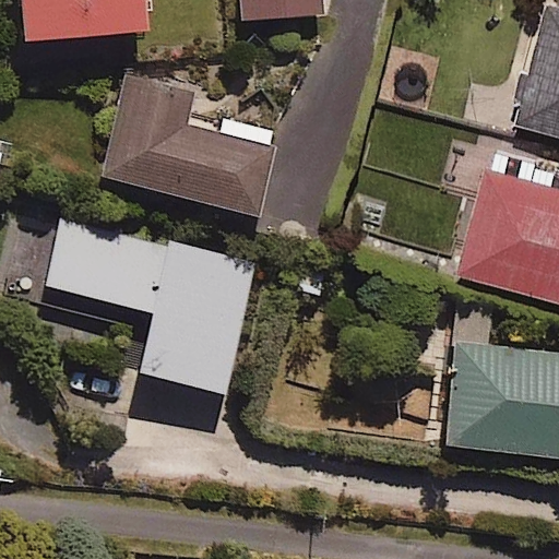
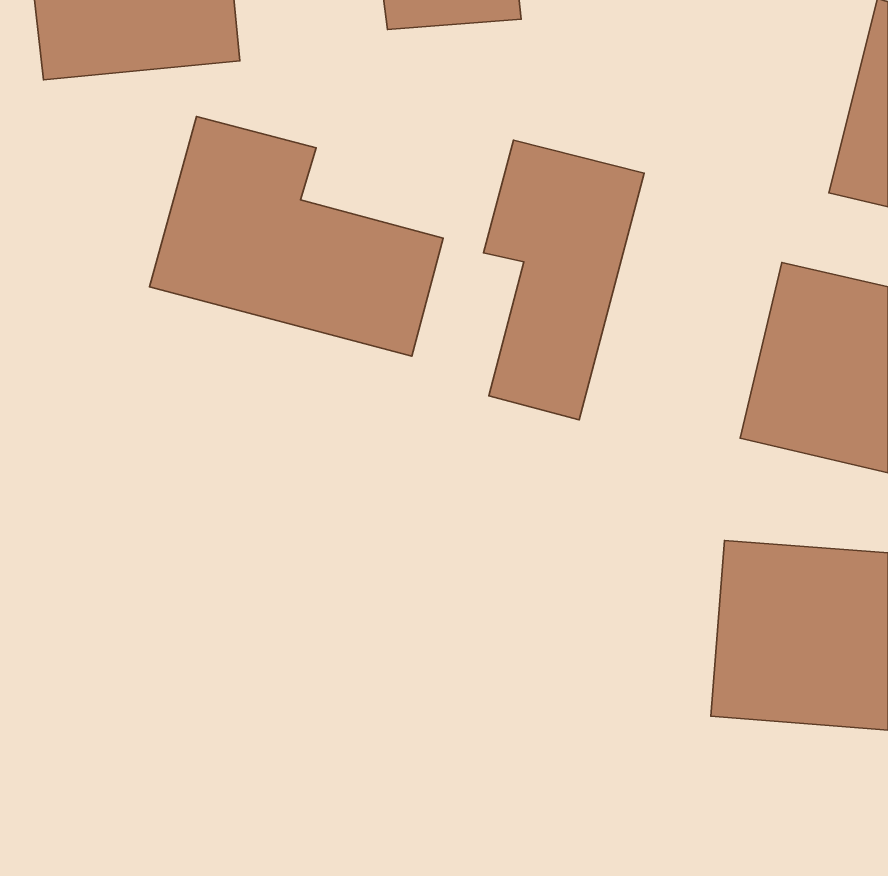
building: none -> [483,140,644,420]
building: [44,209,260,394] -> none

